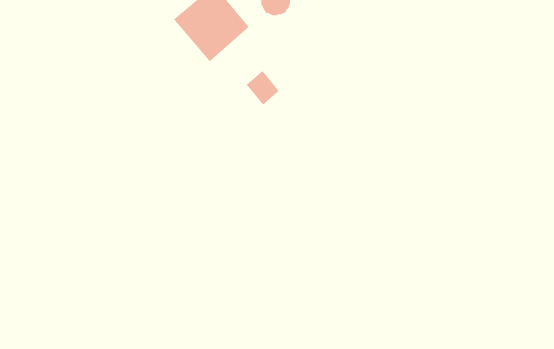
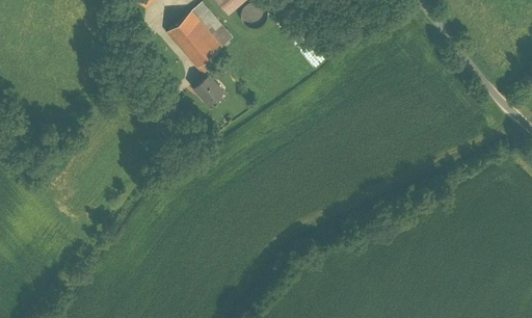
building: [246,70,280,105] -> [194,75,223,105]

